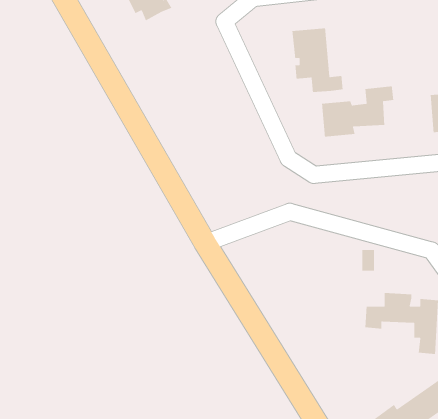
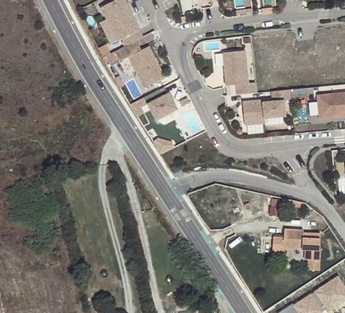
building: none -> [113,39,164,87]
building: none -> [147,93,177,119]

